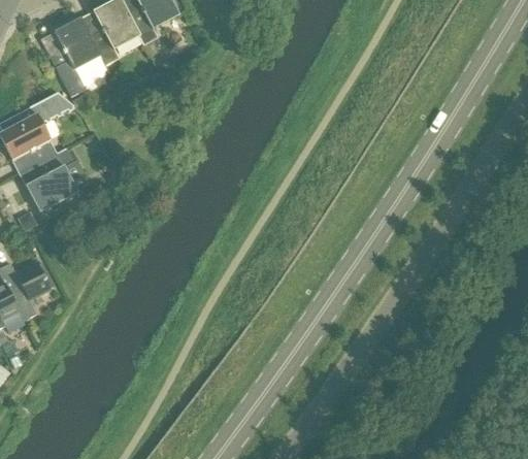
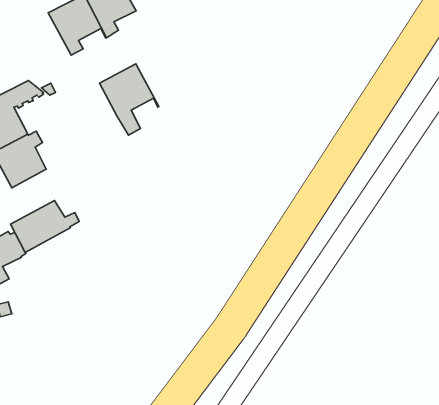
building: [39,18,105,97] -> [100,64,159,135]
building: none -> [10,200,79,253]

